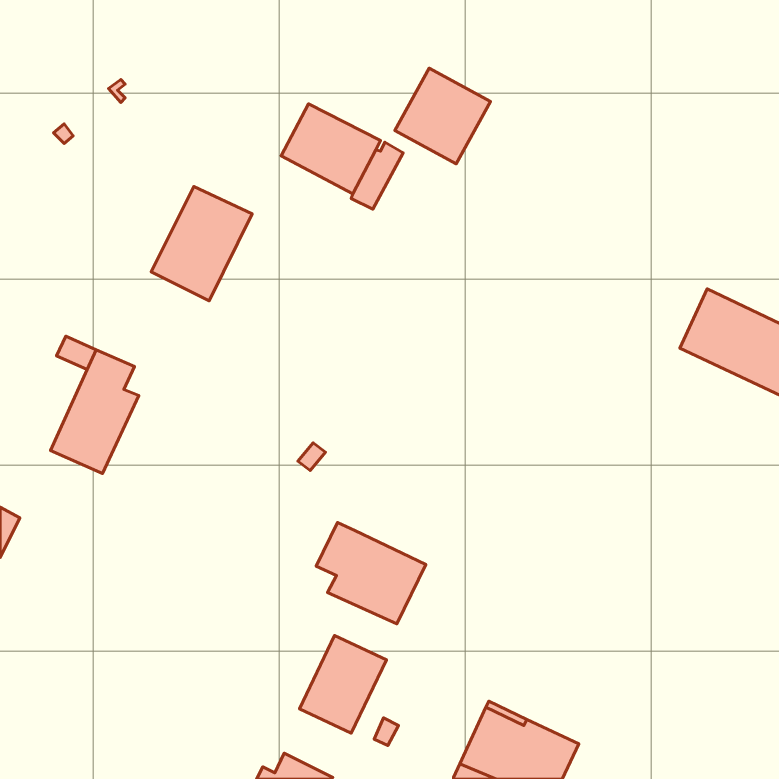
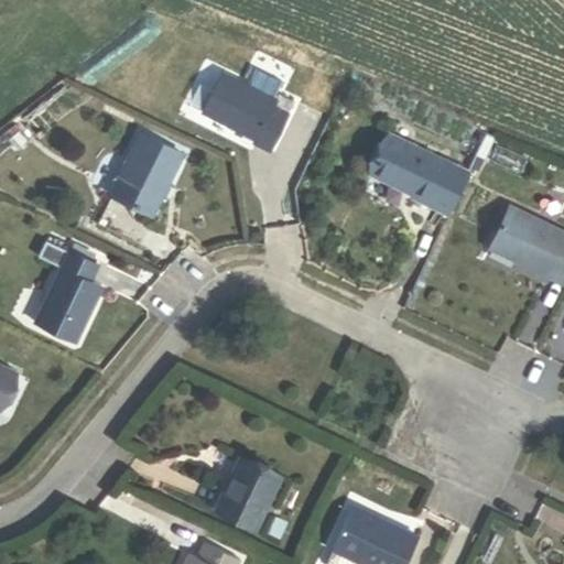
building: [395,68,490,164] -> none
building: none -> [370,135,468,215]
building: [316,522,426,624] -> none

